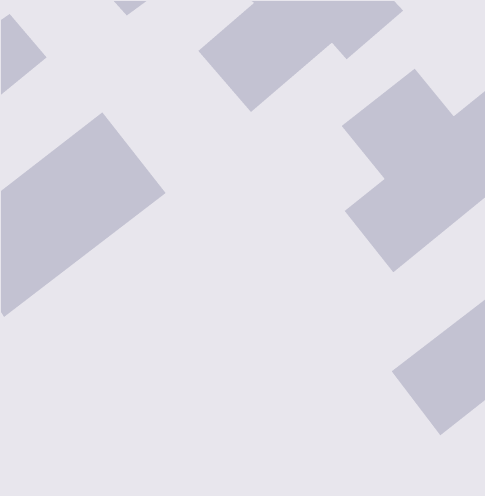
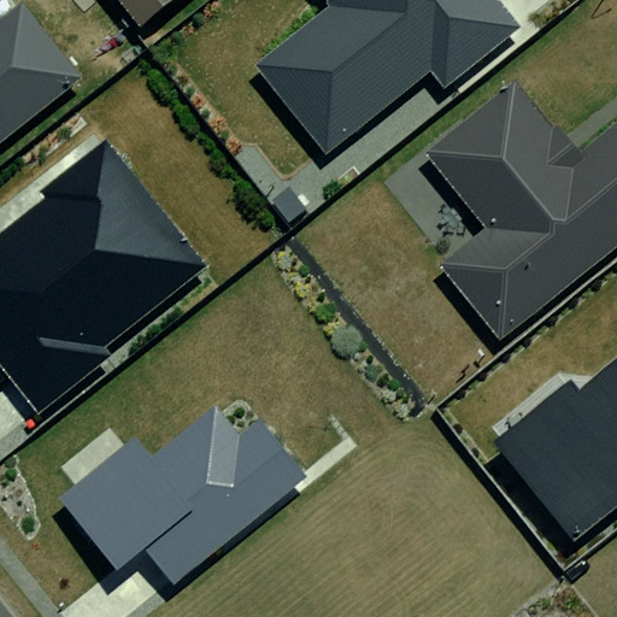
building: none -> [55,392,290,581]

